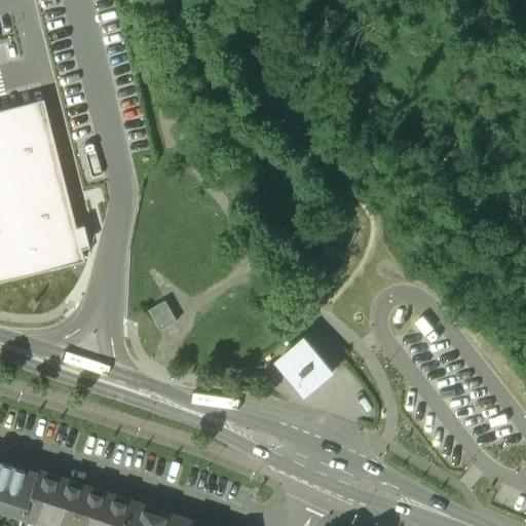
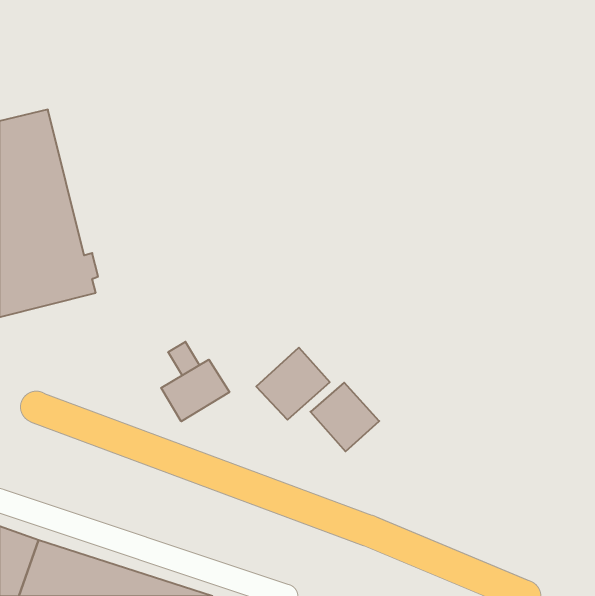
building: none -> [256,348,330,420]
building: none -> [161,360,229,421]

